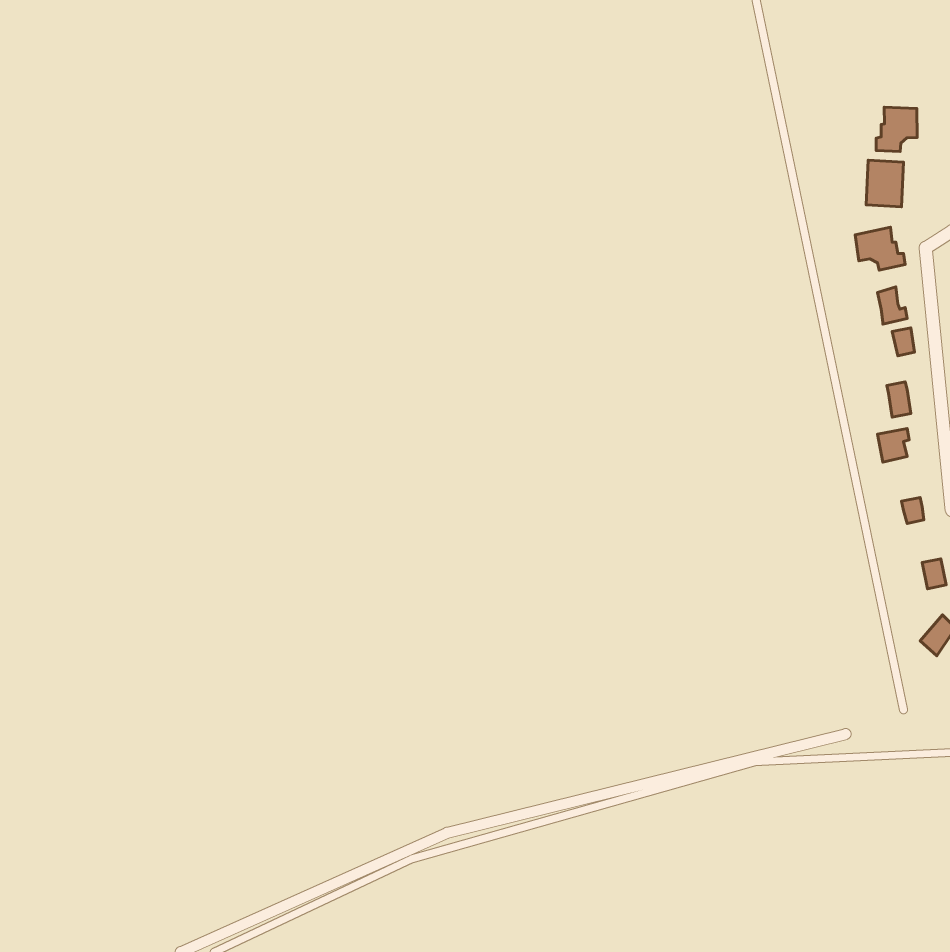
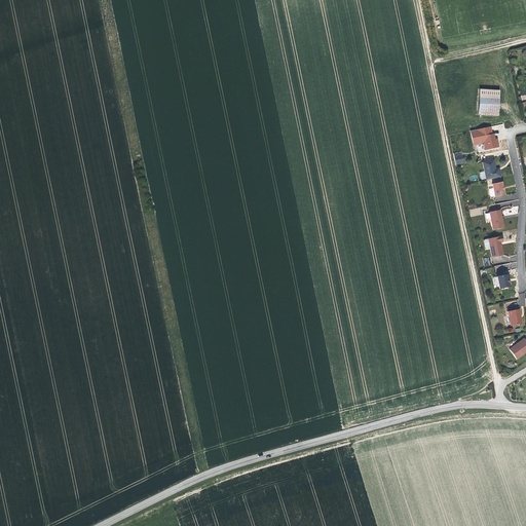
building: [876,107,917,152] -> none

